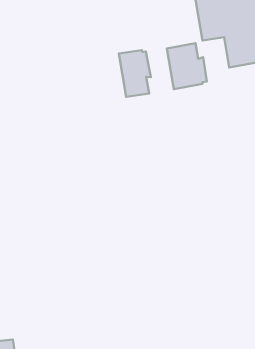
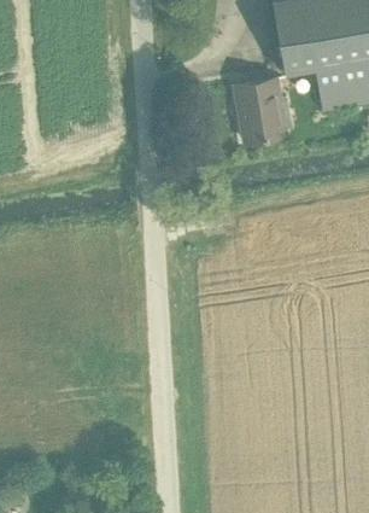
building: [119,50,151,97] -> none

